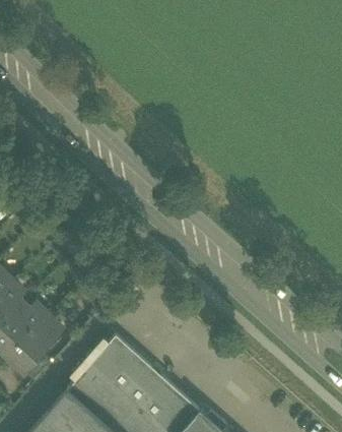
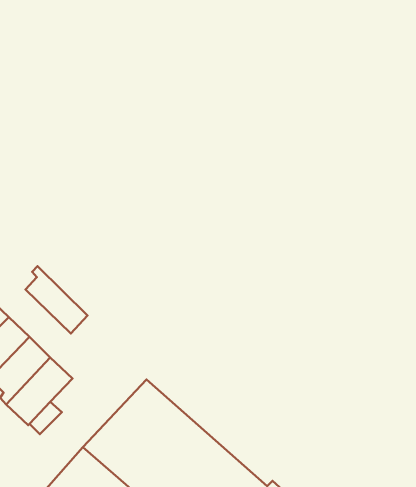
building: none -> [25,266,87,334]

